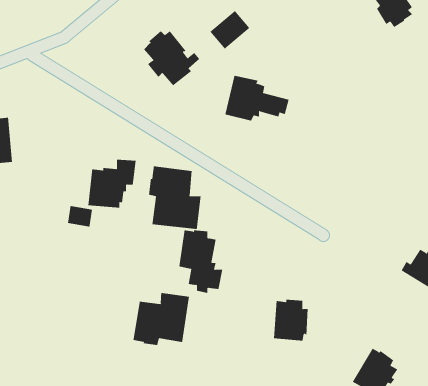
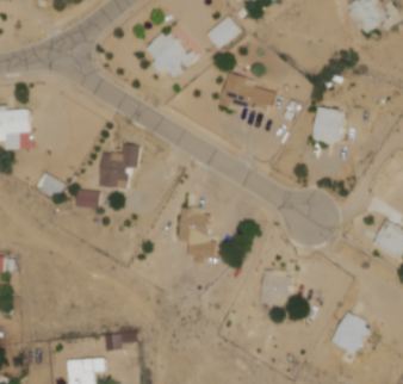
building: none -> [310,106,343,144]
building: [149,166,201,230] -> none
building: [133,292,189,346] -> none

